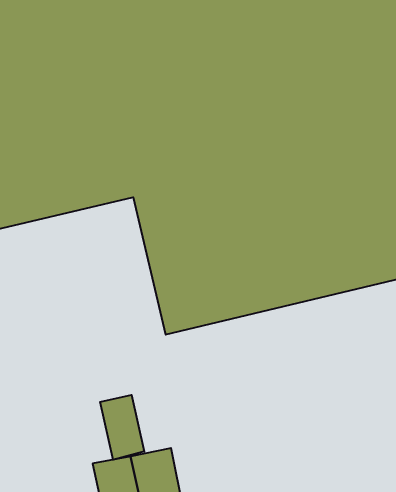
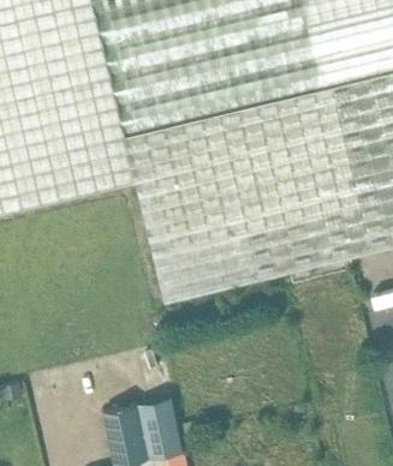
building: [100,395,144,460] -> none

